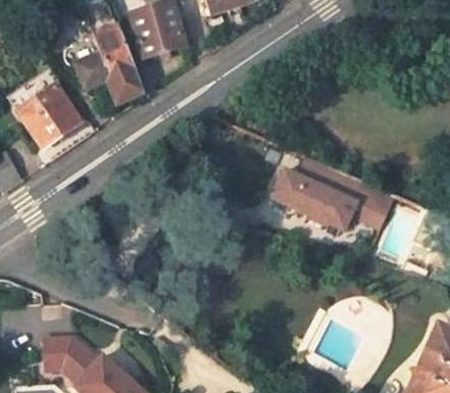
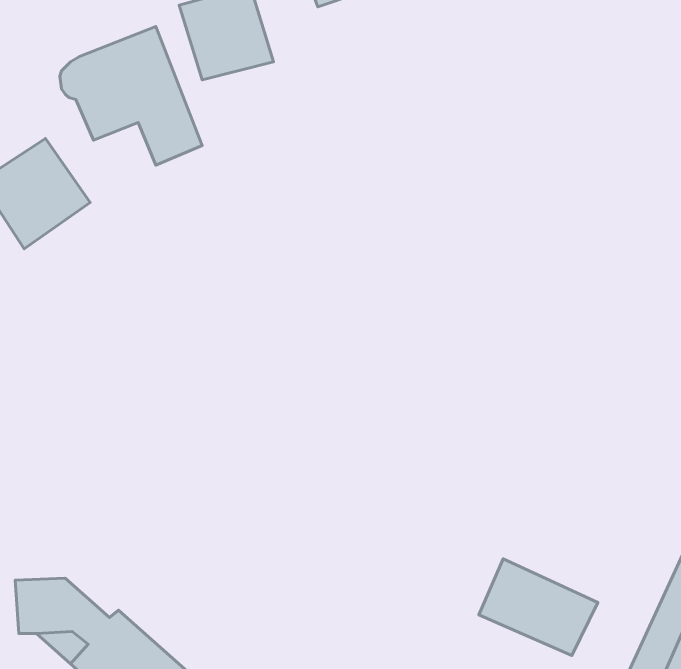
building: [273,158,396,231] -> none
building: none -> [479,559,598,655]

